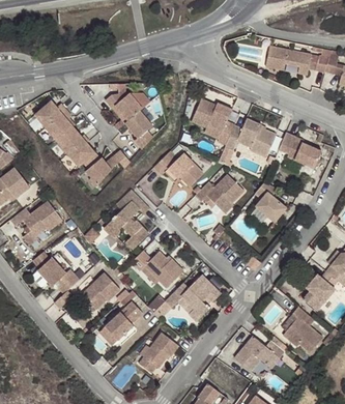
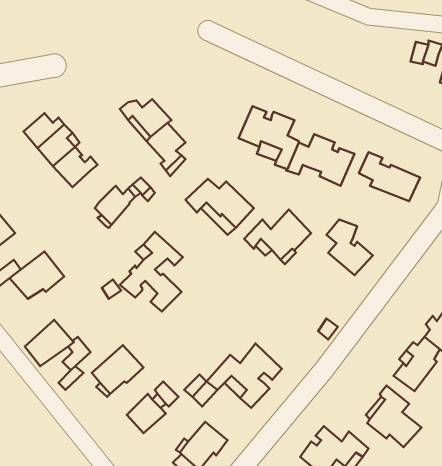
building: [265,42,314,74] -> none
building: [66,145,97,169] -> none
building: [132,251,183,288] -> none

